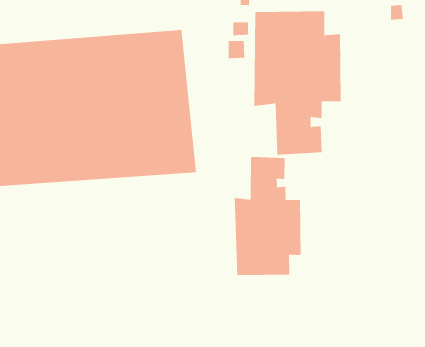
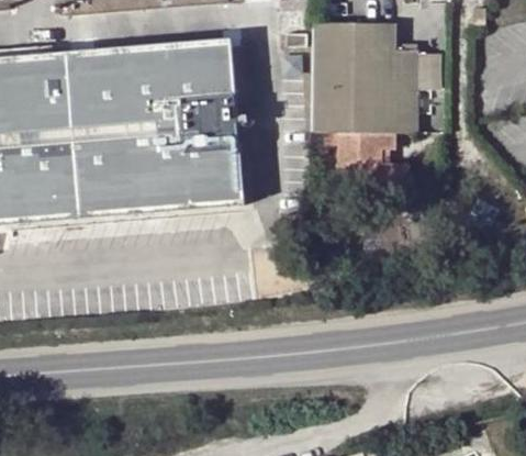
building: [234,156,301,276] -> none

